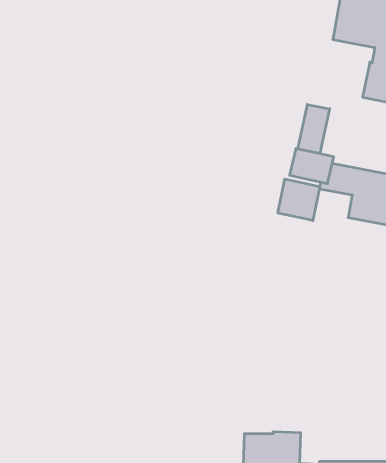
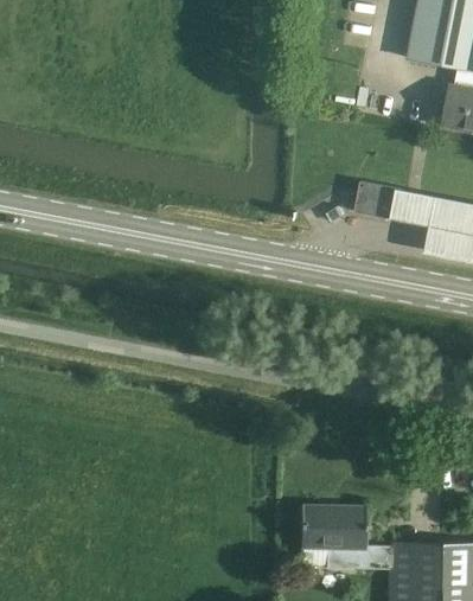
building: [298,104,330,153] -> none
building: [278,179,320,221] -> none

